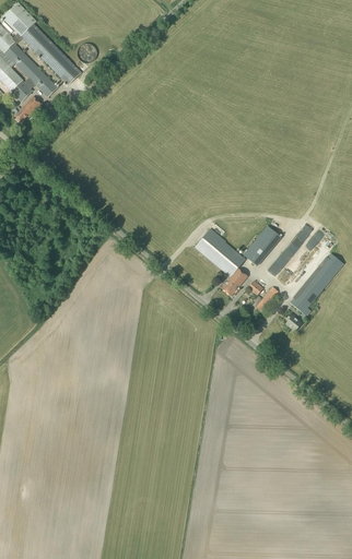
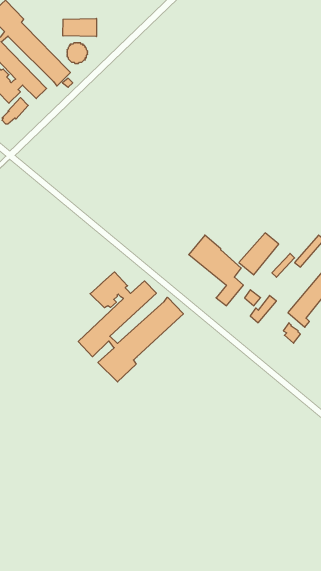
building: none -> [63,18,96,37]
building: none -> [78,272,183,382]

